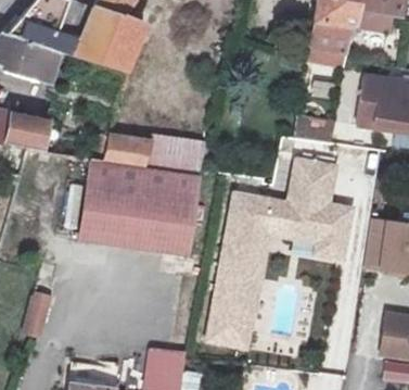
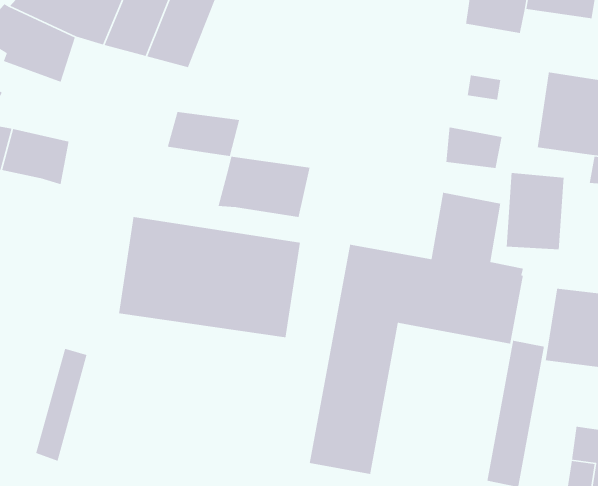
building: [104,136,153,166] -> [167,111,240,157]

